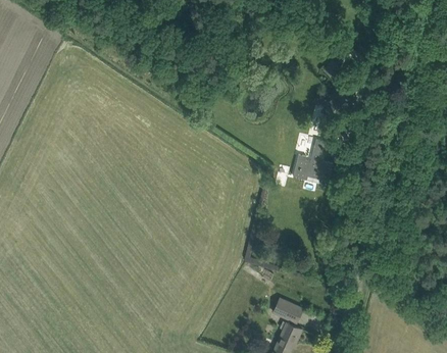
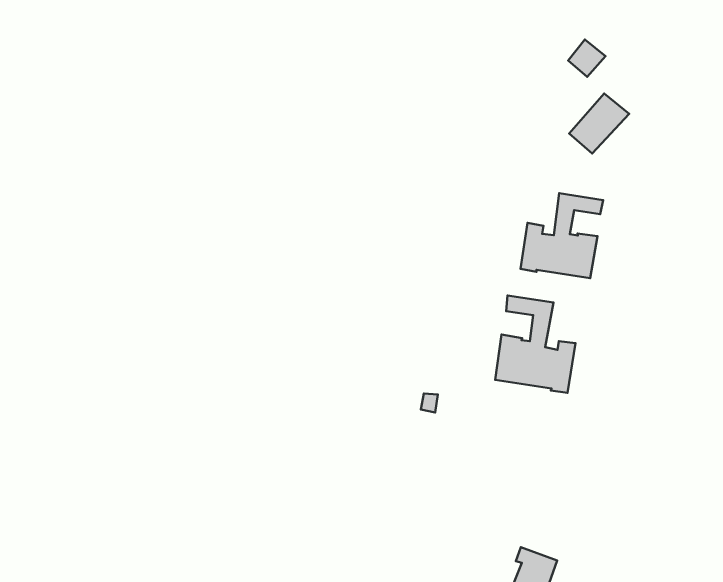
building: none -> [495,296,576,393]
building: [271,296,302,322] -> none

